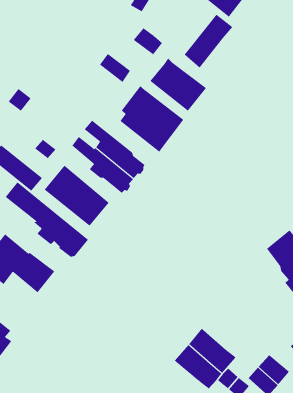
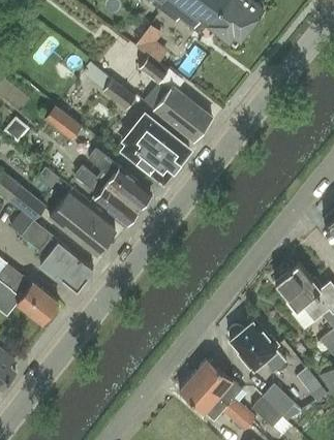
building: [184,14,233,69] -> none
building: none -> [45,106,82,140]
building: none -> [227,320,285,371]

